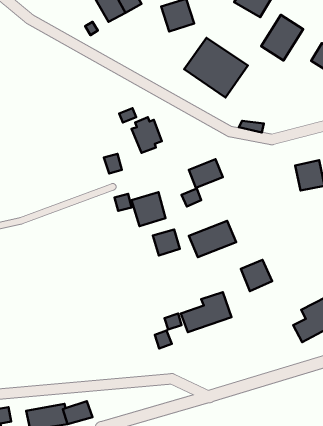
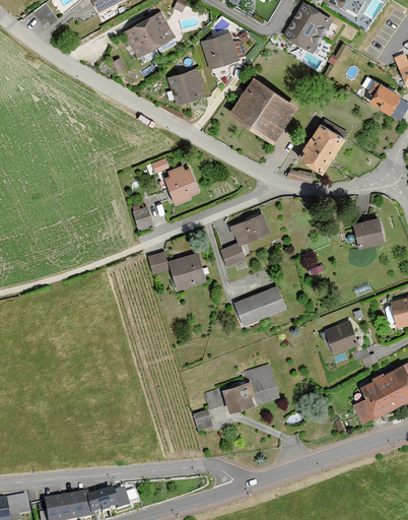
building: [261,15,303,60] -> [298,121,346,173]
building: none -> [168,67,208,106]
building: [153,229,180,255] -> none
building: [241,260,272,291] -> [323,319,358,354]

